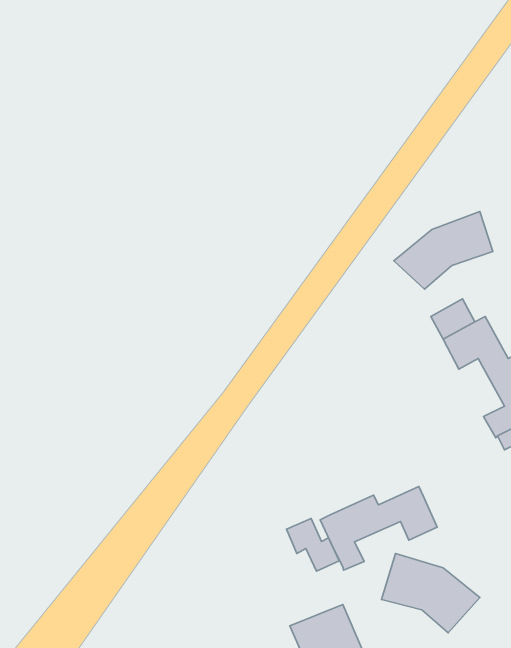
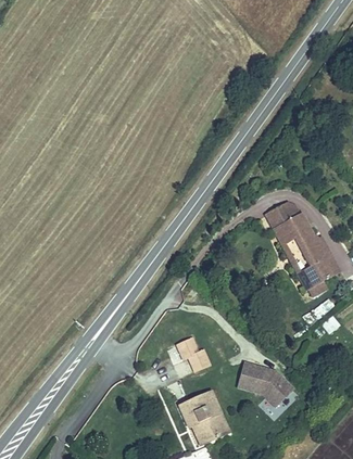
building: [394,211,493,289] -> none
building: [320,487,437,570] -> none

